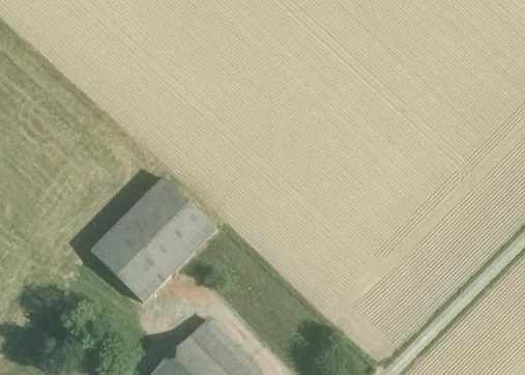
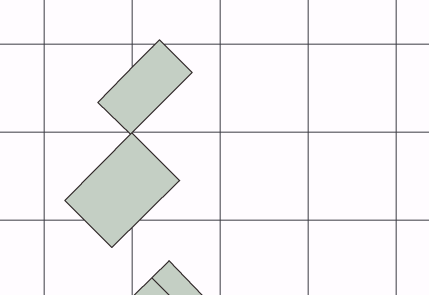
building: none -> [98,40,192,134]

